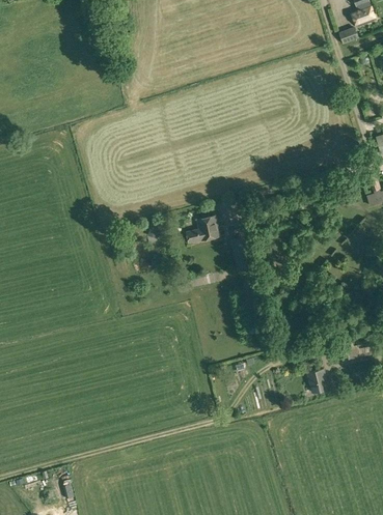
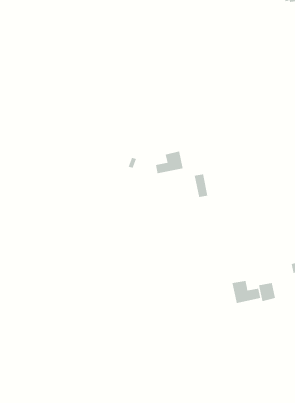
building: none -> [232,280,261,304]

